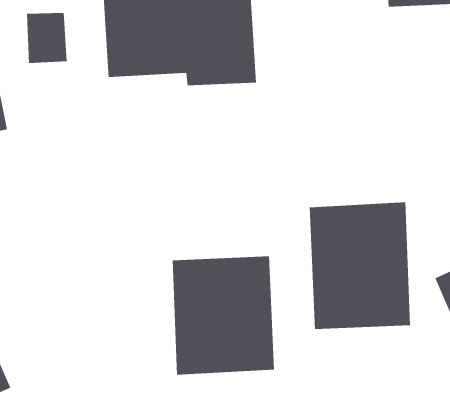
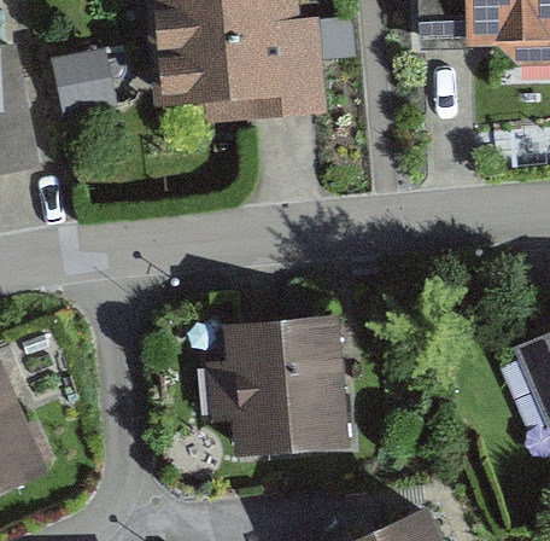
building: [309,202,411,330] -> none

